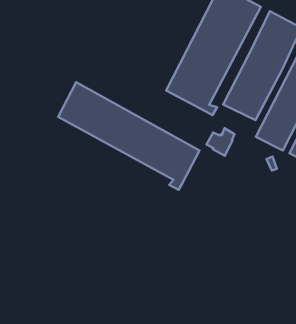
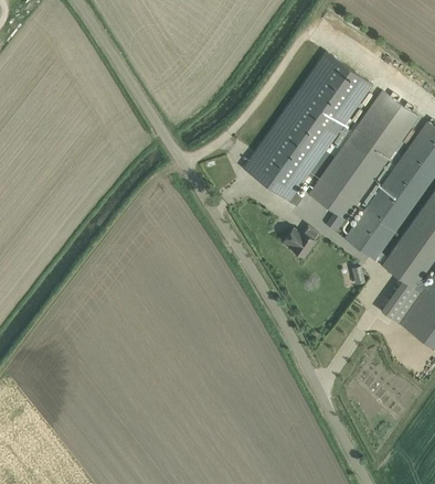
building: [58,82,199,190] -> none

